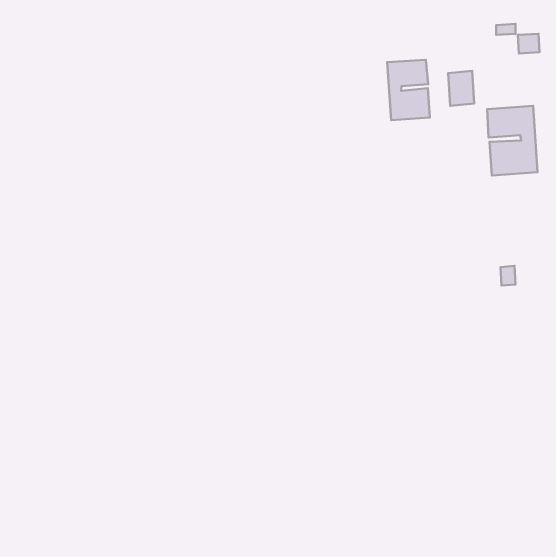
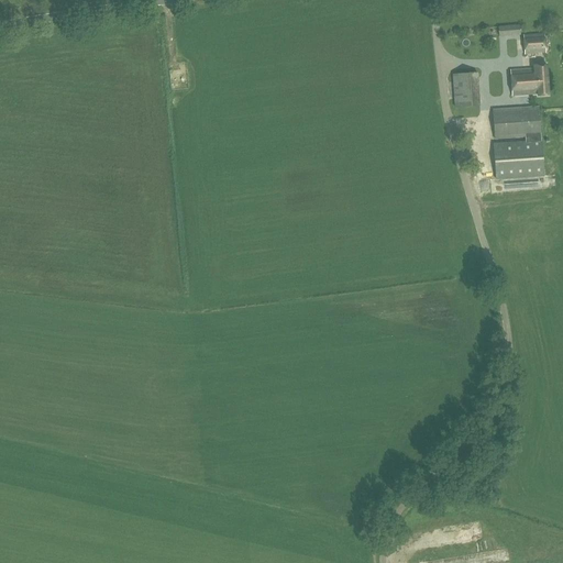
building: [387,60,430,120] -> none
building: none -> [510,64,549,96]

